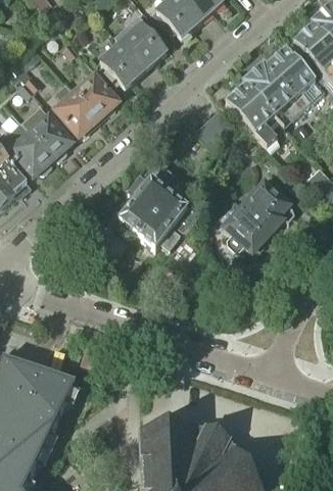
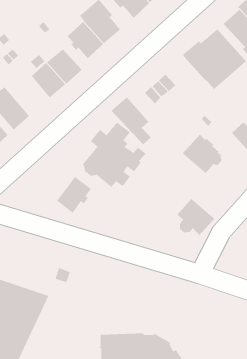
building: [225,85,276,145] -> [110,97,151,145]
building: [30,113,73,157] -> none
building: [224,204,272,251] -> [177,198,215,236]
building: none -> [56,176,92,214]

